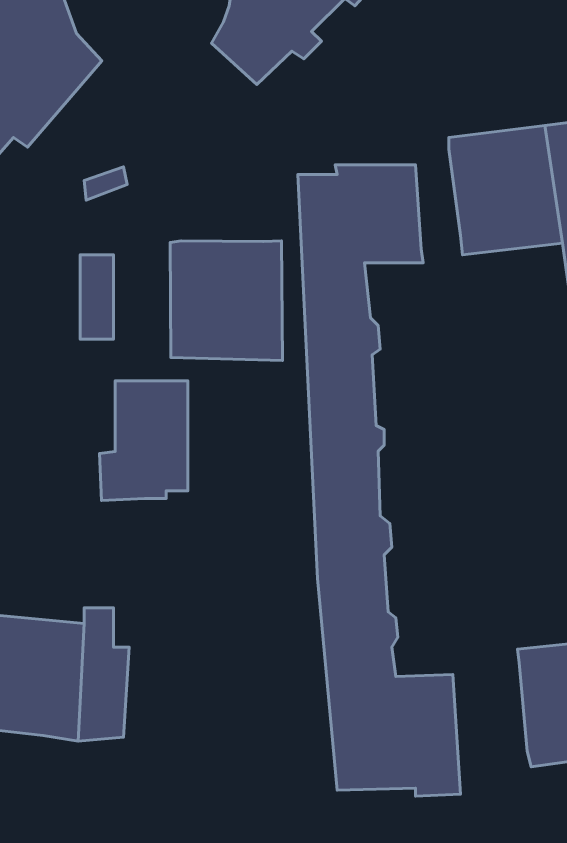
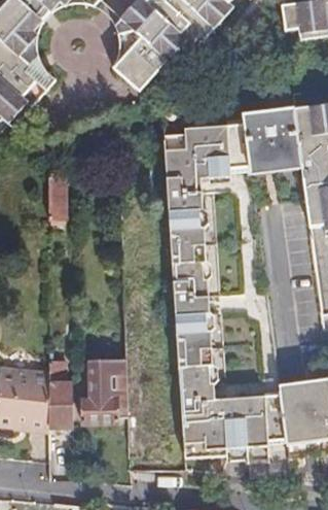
building: none -> [225,118,249,171]
building: [170,241,283,360] -> none
building: [100,381,188,501] -> [80,359,126,421]
building: none -> [245,388,284,457]

